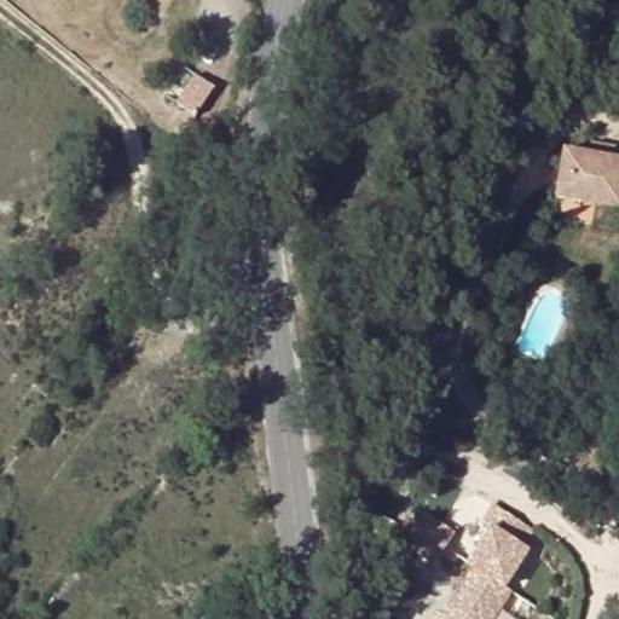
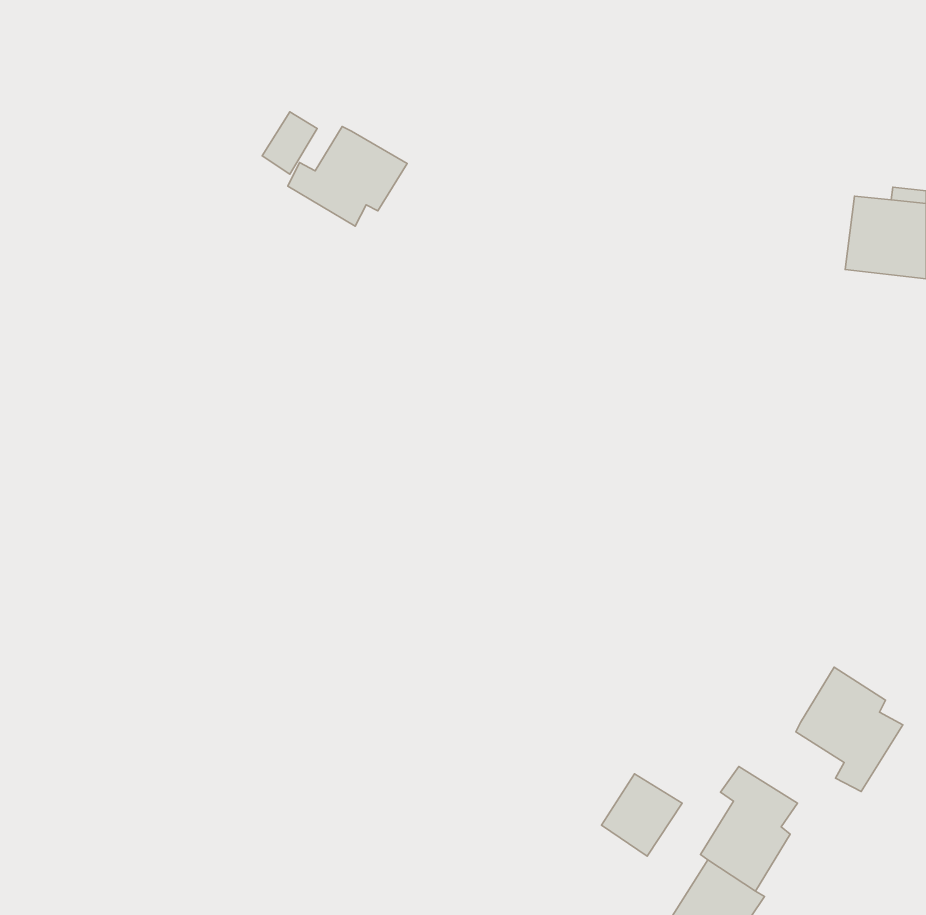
building: none -> [288,126,407,226]
building: none -> [796,667,903,791]

